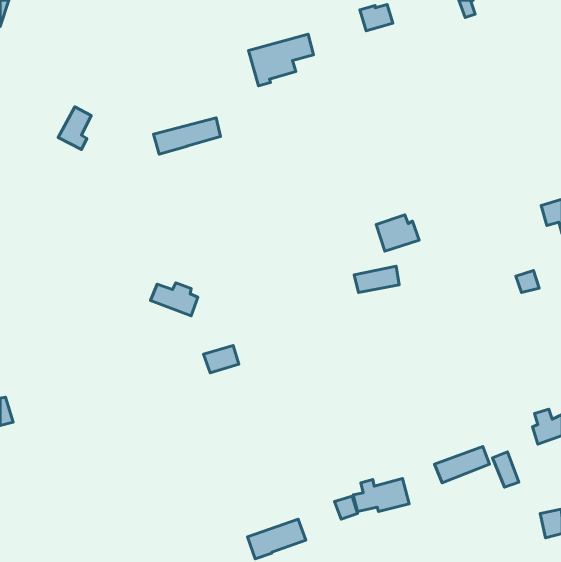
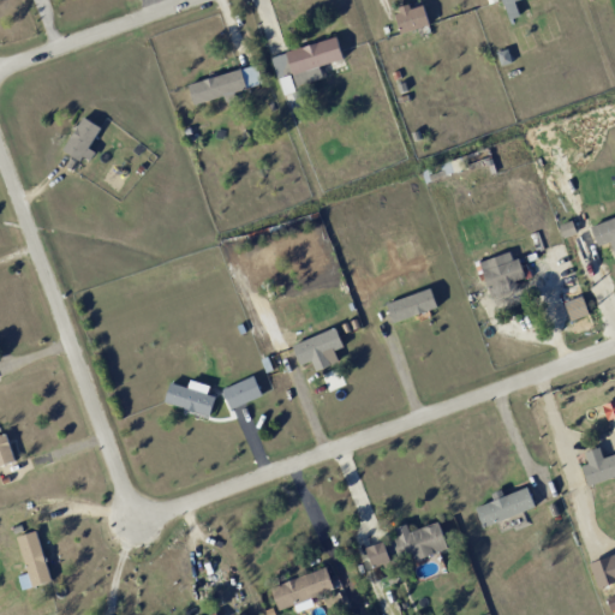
building: [154,118,221,154] -> [189,65,262,105]
building: [376,215,419,251] -> [479,251,526,291]
building: [150,283,198,316] -> [165,381,216,417]
building: none -> [293,327,345,365]
building: [493,452,519,487] -> none
building: none -> [18,531,52,586]

